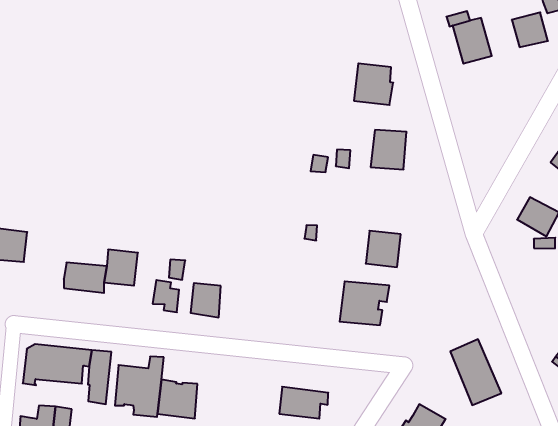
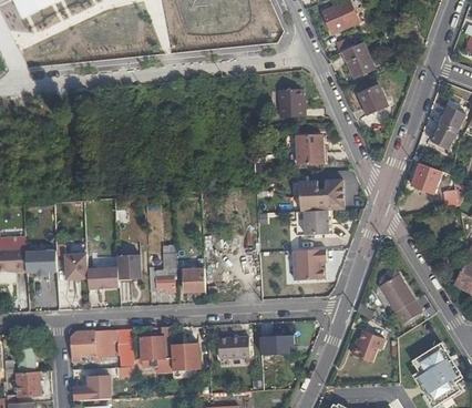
building: [512,12,548,47] -> [359,84,388,112]
building: none -> [299,177,343,211]
building: none -> [65,254,89,282]
building: none -> [219,336,250,357]

